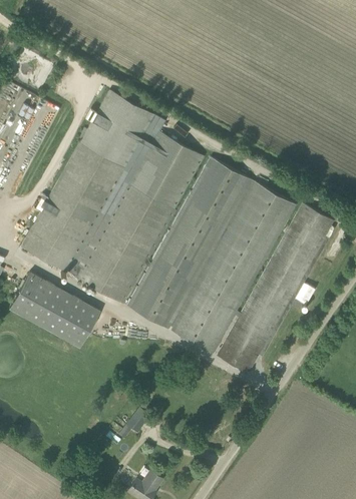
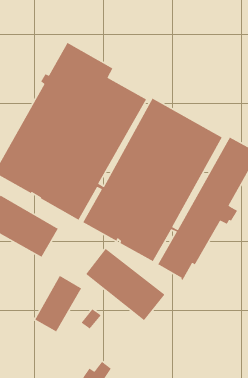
building: none -> [85,248,165,321]
building: none -> [34,275,82,332]

